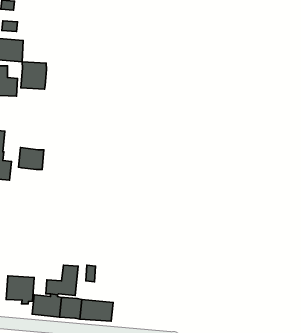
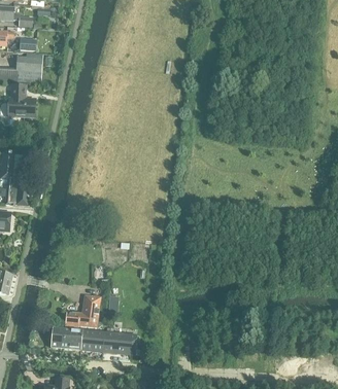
building: [21,62,46,89] -> none
building: [19,148,44,170] -> none
building: [6,276,34,304] -> none

